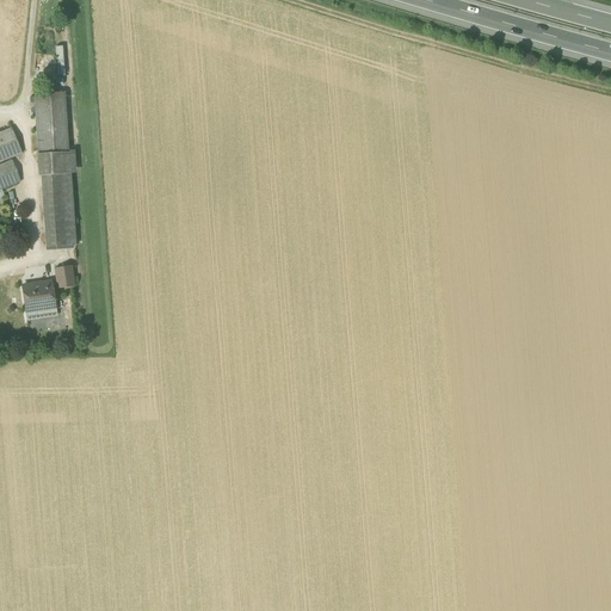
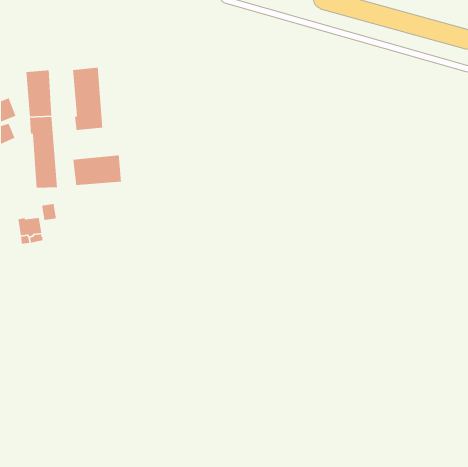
building: none -> [72,67,103,131]
building: none -> [73,154,122,186]

